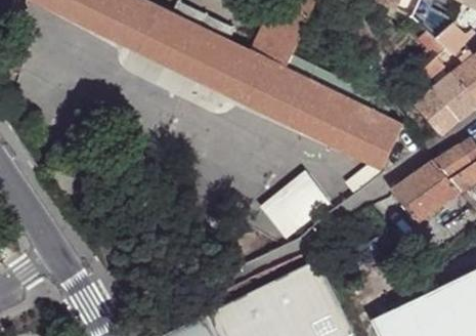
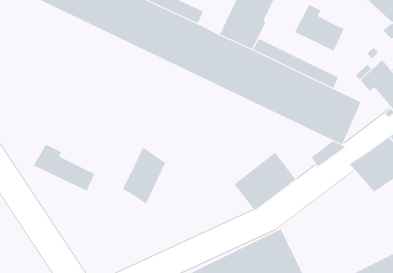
building: none -> [294,4,345,52]
building: none -> [33,144,95,191]
building: none -> [122,146,166,205]

